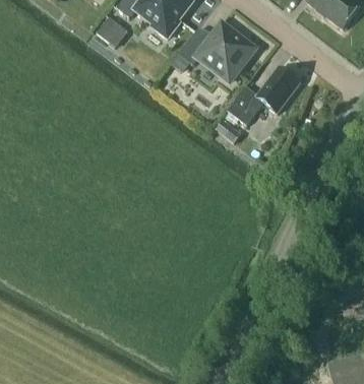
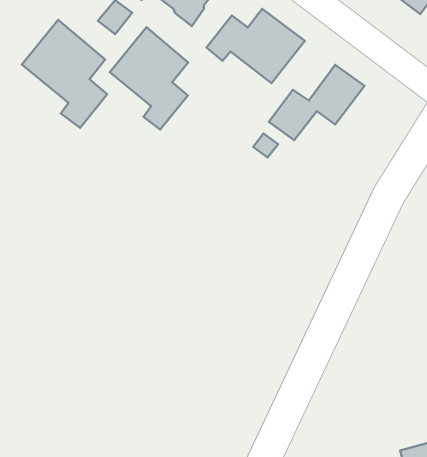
building: none -> [22,20,107,128]
building: none -> [110,27,188,130]

